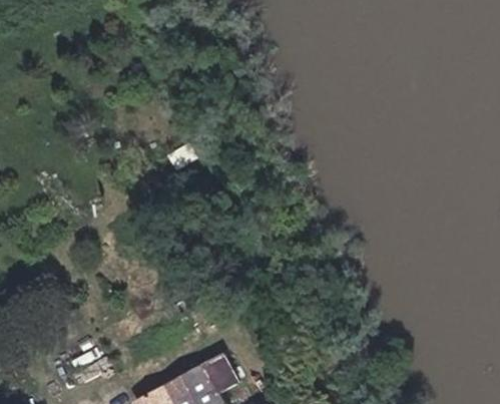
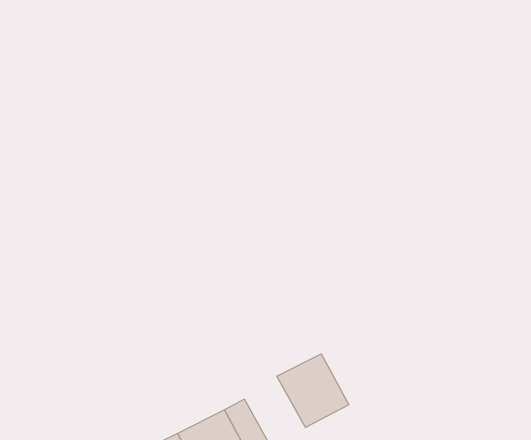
building: none -> [277,354,349,428]

